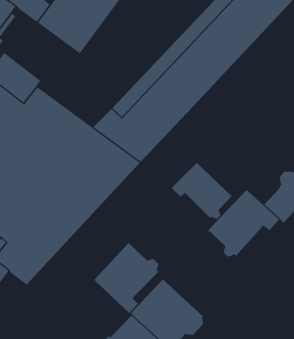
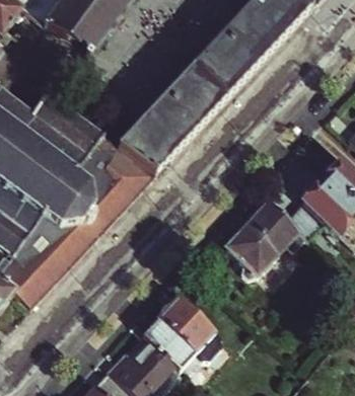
building: [171,162,232,220] -> none
building: [94,242,159,314] -> none

